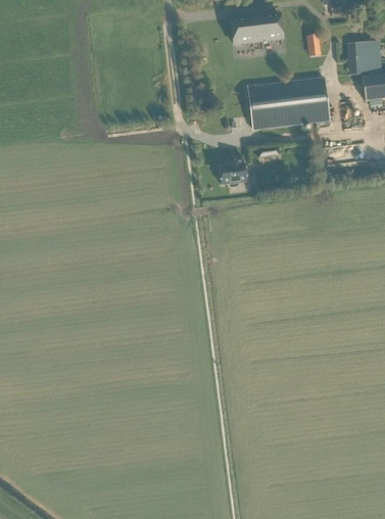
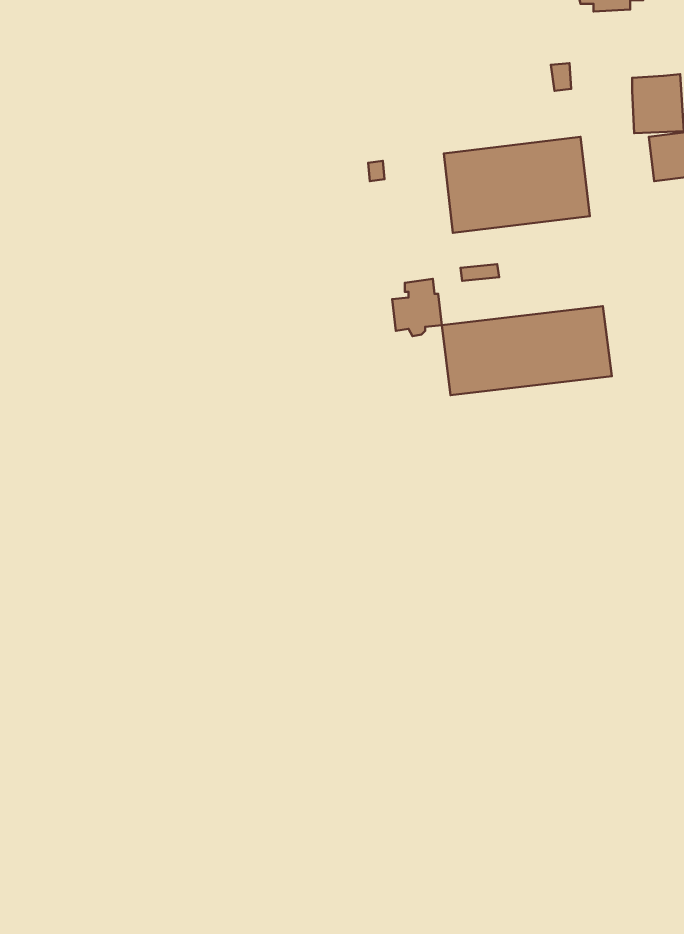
building: [231,13,283,44] -> none
building: none -> [442,306,612,395]

